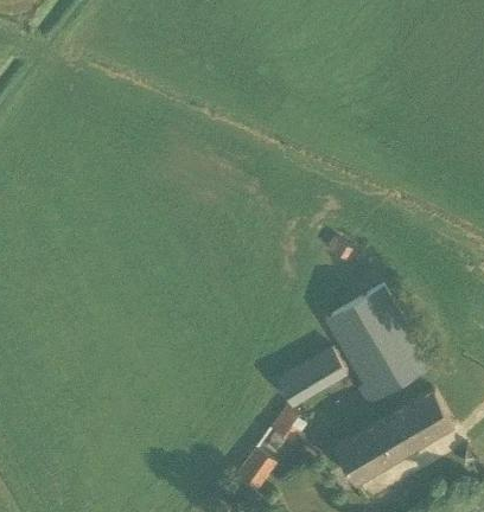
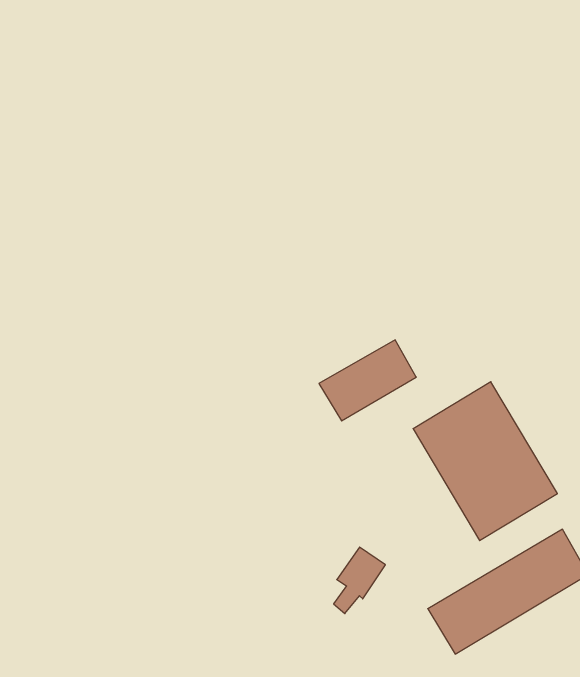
building: [275,350,346,409] -> [319,340,416,421]
building: [235,450,274,491] -> none

